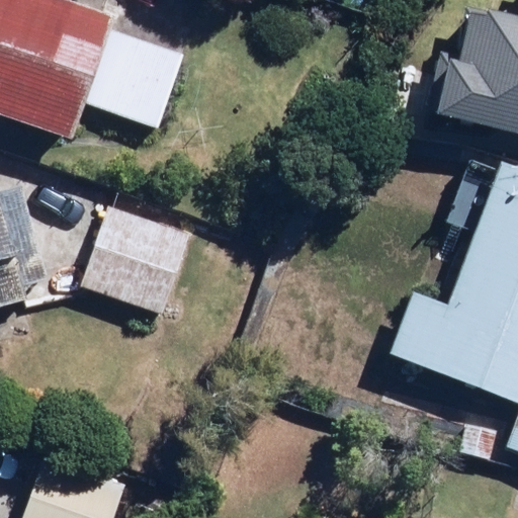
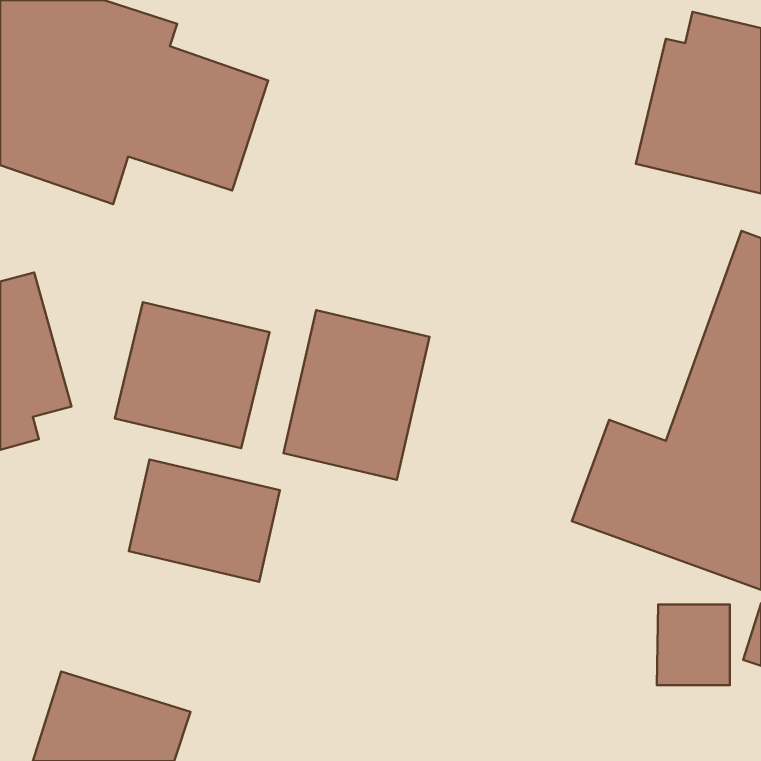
building: none -> [283,310,430,480]
building: none -> [129,460,280,582]

